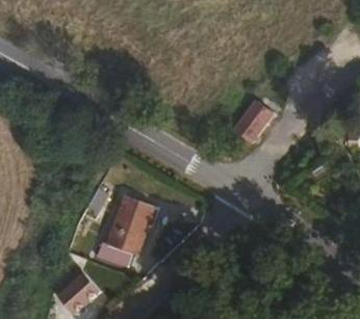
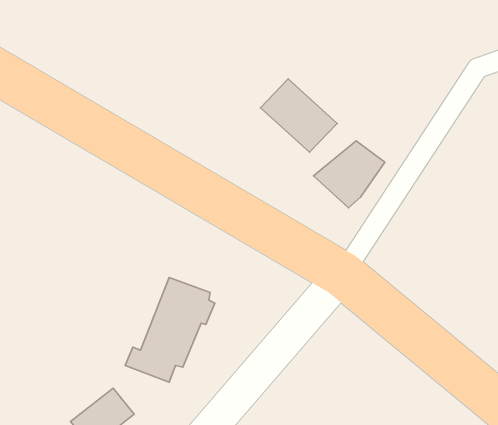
building: none -> [261,79,337,152]

